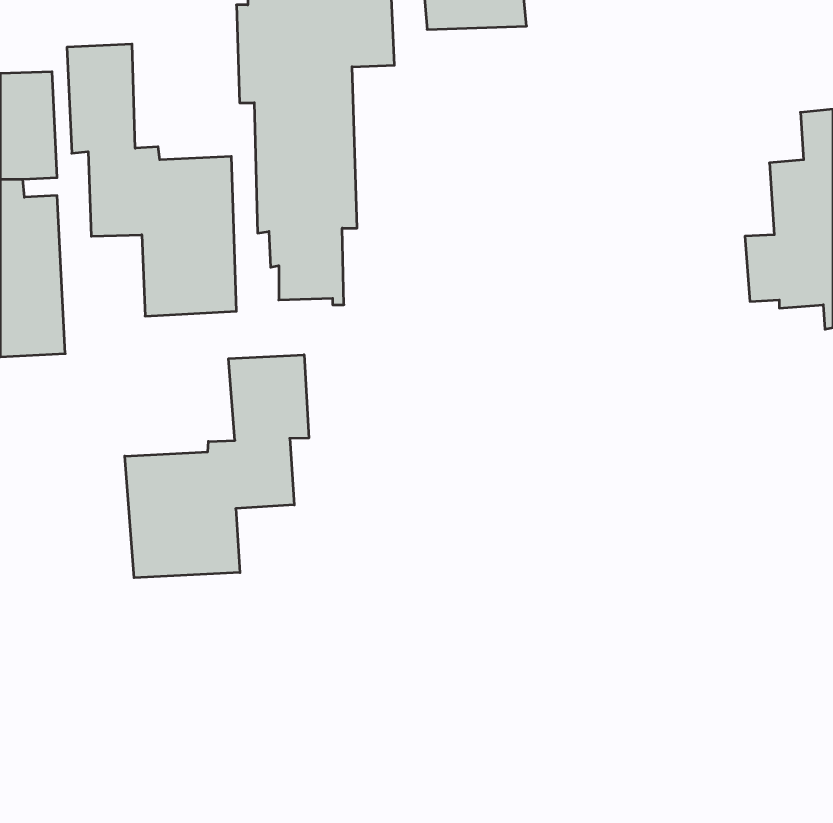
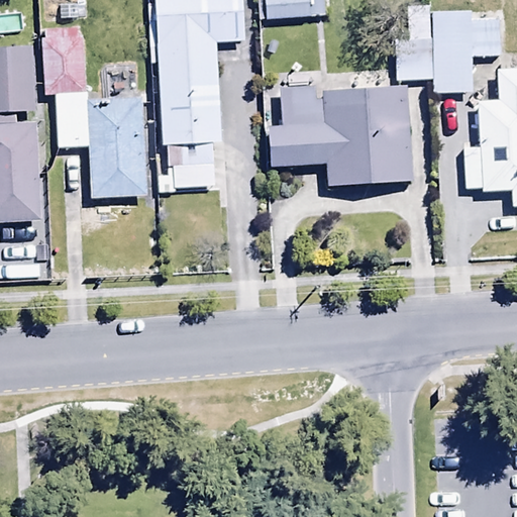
building: none -> [395,9,502,93]
building: none -> [267,85,412,184]
building: [125,355,309,578] -> none

